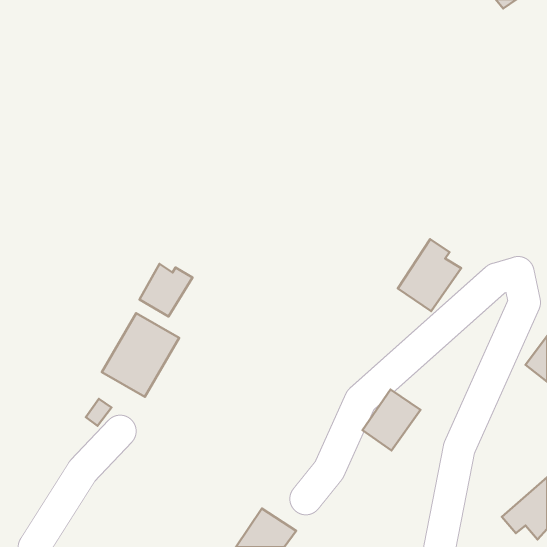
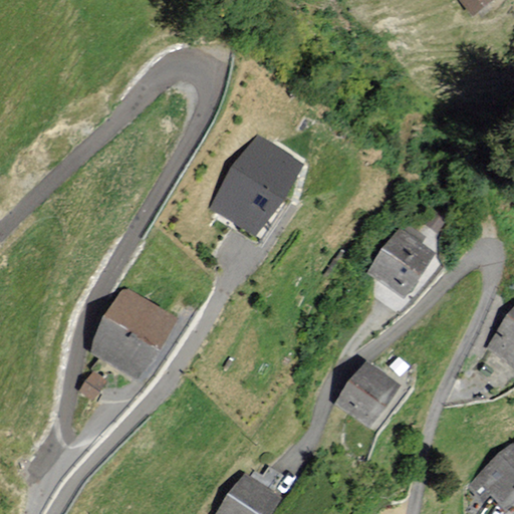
building: none -> [215,139,296,230]
building: [139,264,192,317] -> none

